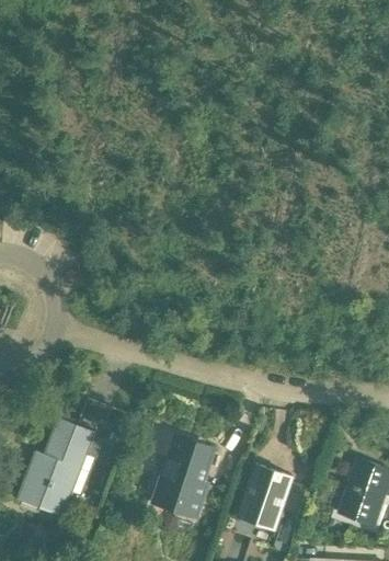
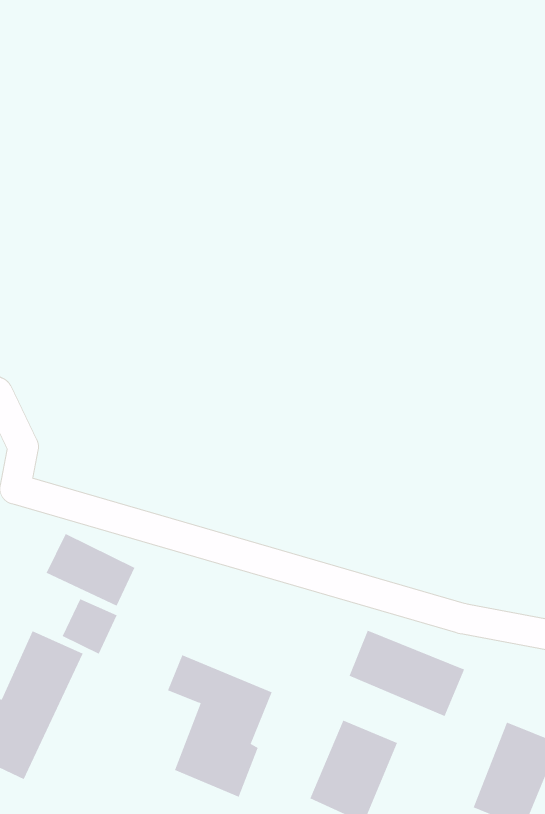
building: none -> [46,533,135,607]
building: none -> [349,630,465,717]

